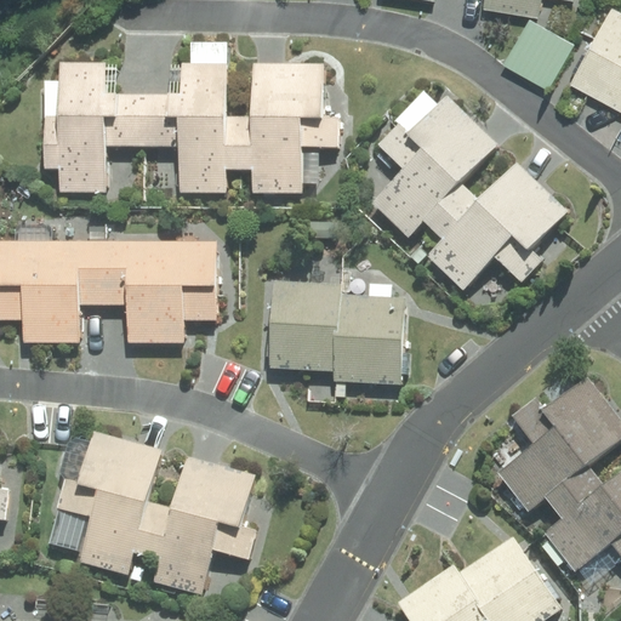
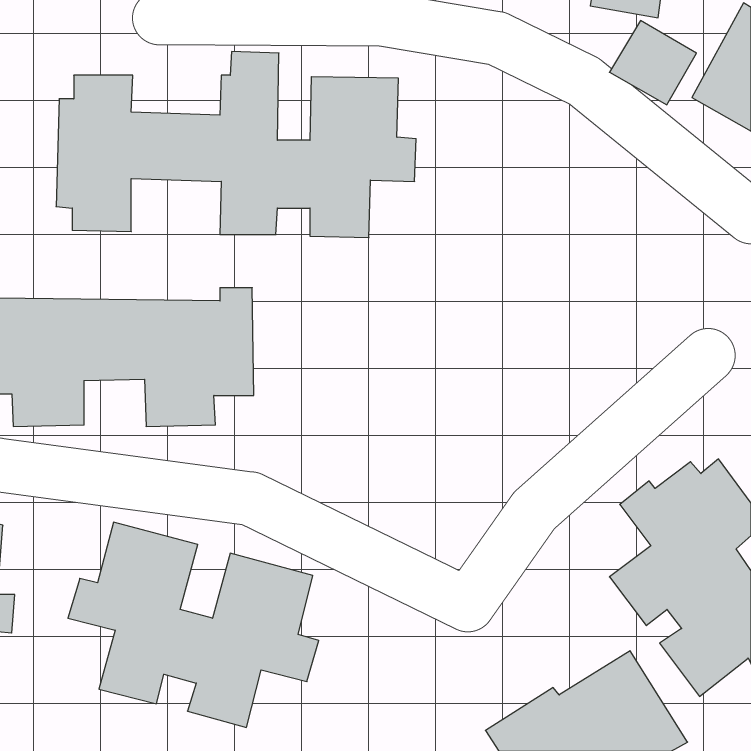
building: [364,92,566,289] -> none
building: [270,280,408,398] -> none

